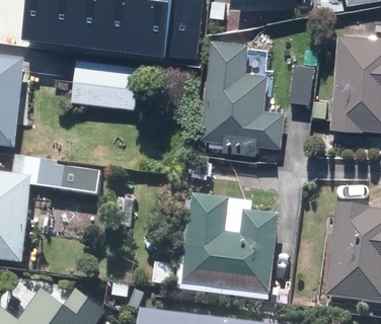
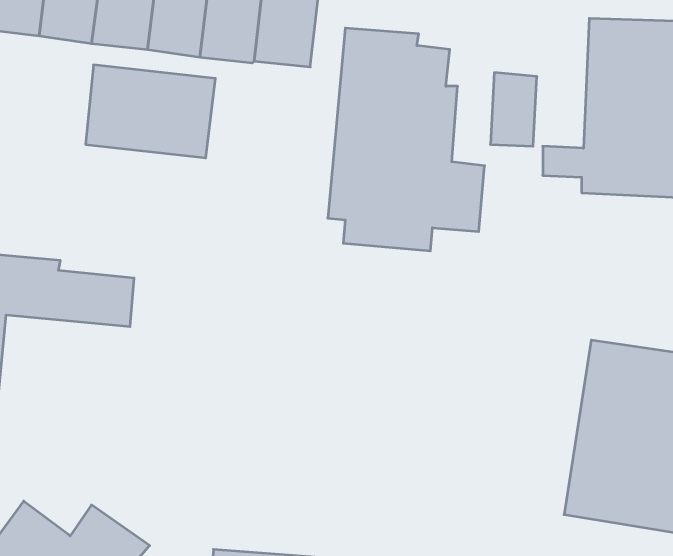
building: [176,195,277,294] -> none

